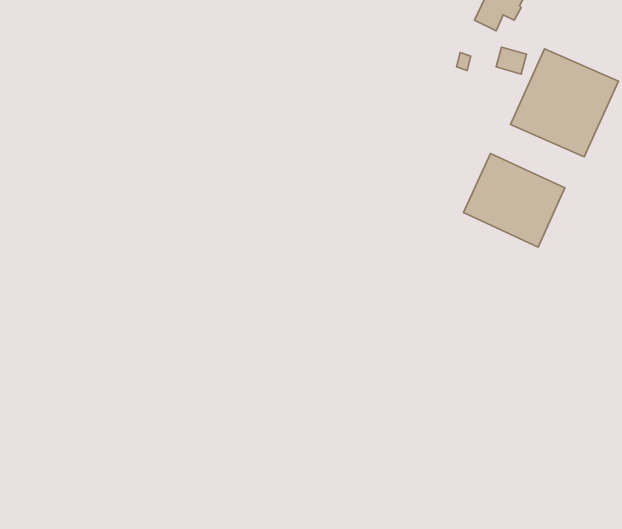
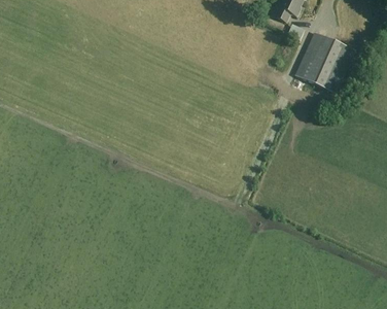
building: [464,153,565,247] -> none

